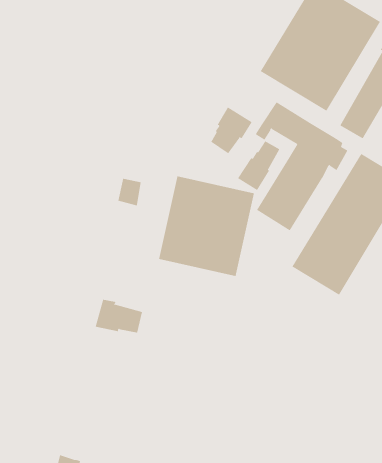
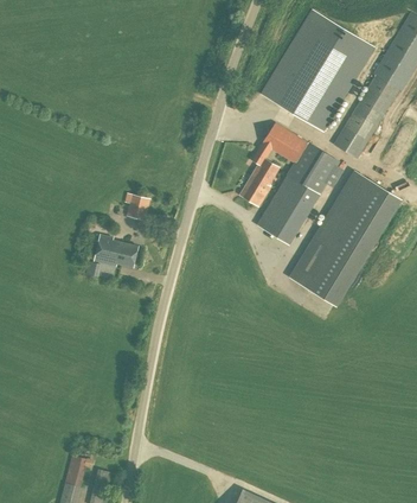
building: [210,106,253,154] -> none
building: [159,175,255,277] -> none
building: [95,299,143,333] -> [92,235,137,267]

